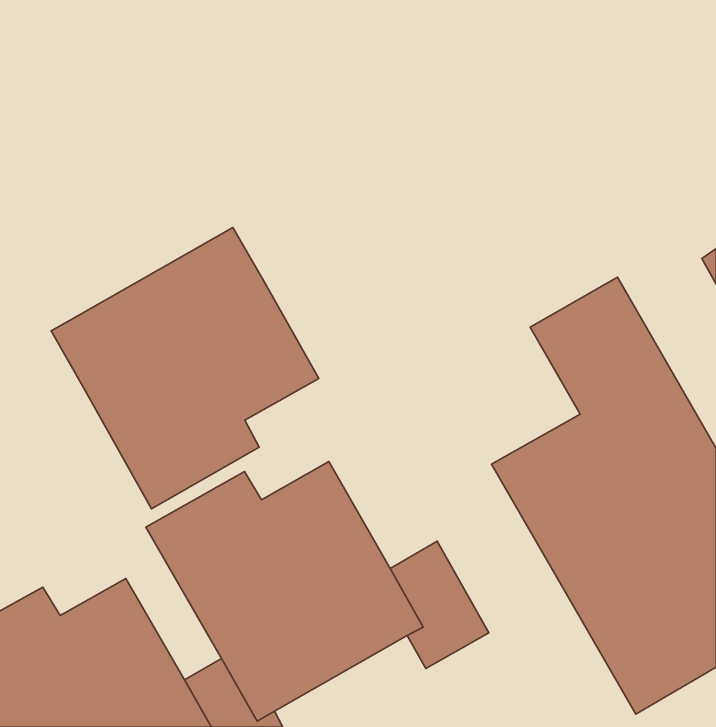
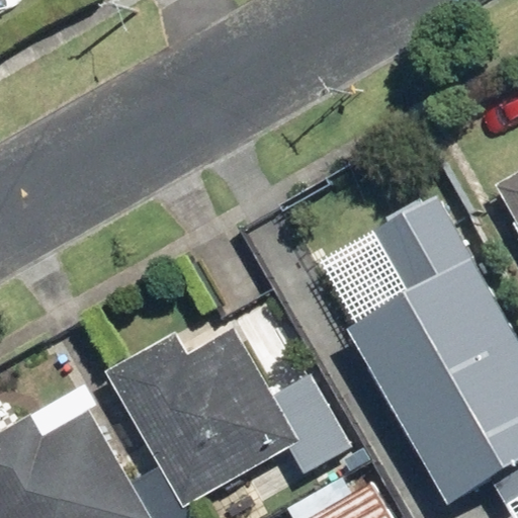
building: [51,227,319,509] -> none

